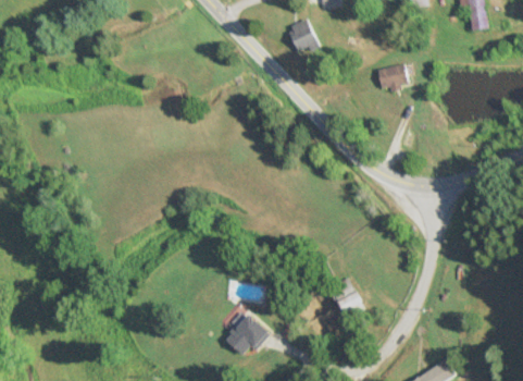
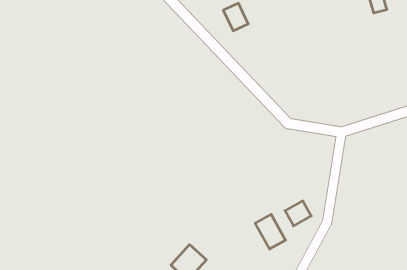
building: [376,63,408,90] -> none
building: none -> [285,201,311,226]

